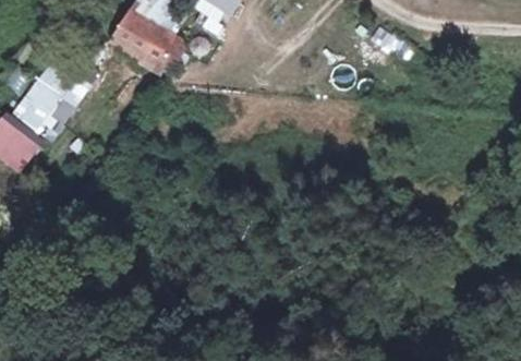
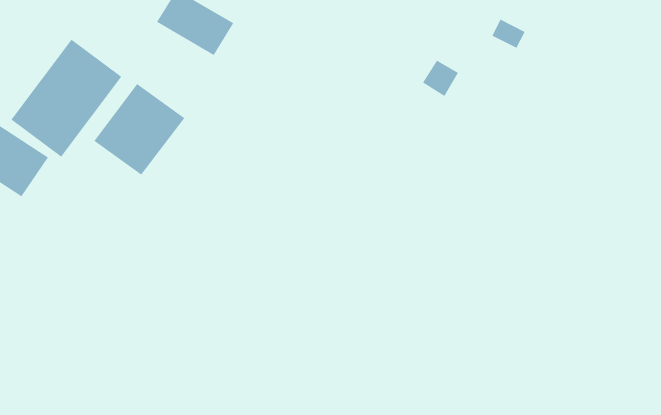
building: none -> [94,83,185,176]

